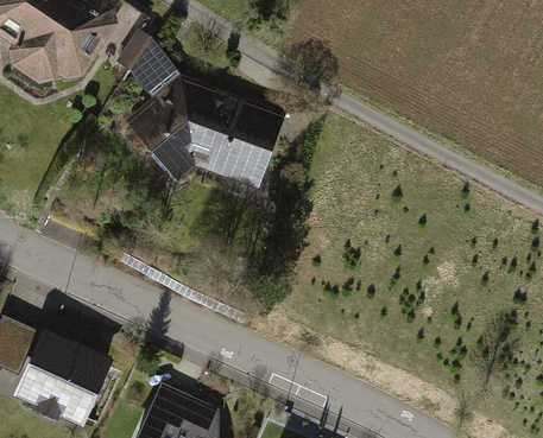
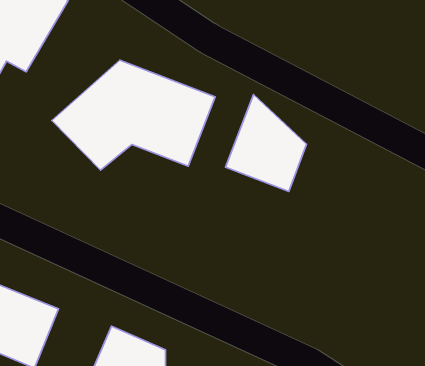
building: [116,28,178,87] -> none
building: none -> [226,95,307,192]

